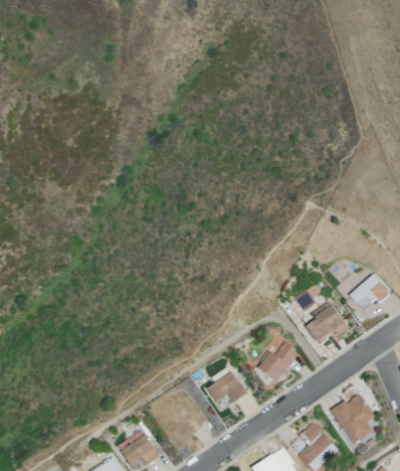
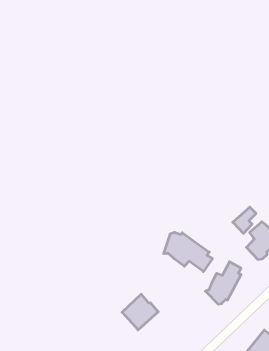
building: none -> [164,232,212,272]
building: [207,371,247,411] -> [122,294,158,330]

